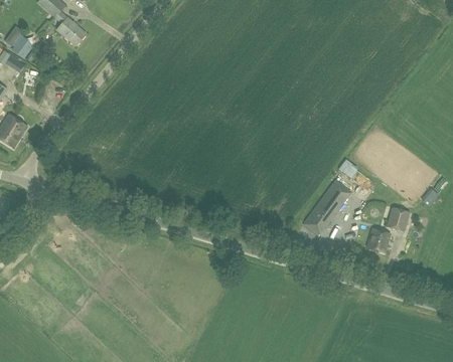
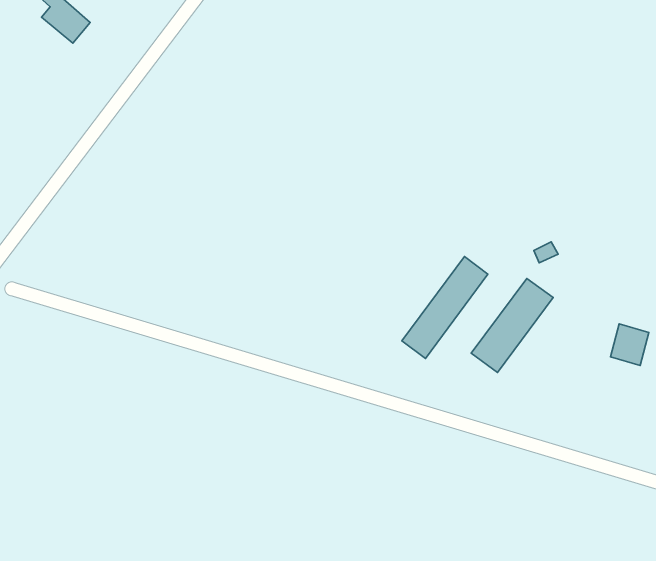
building: none -> [402,256,488,358]
building: [365,228,389,251] -> none

